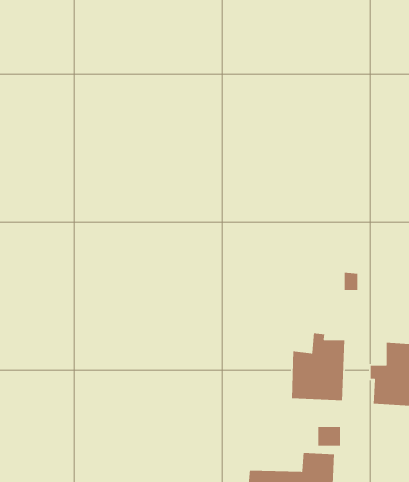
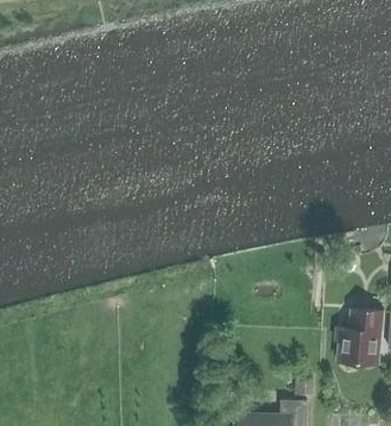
building: [291,332,345,401] -> none

